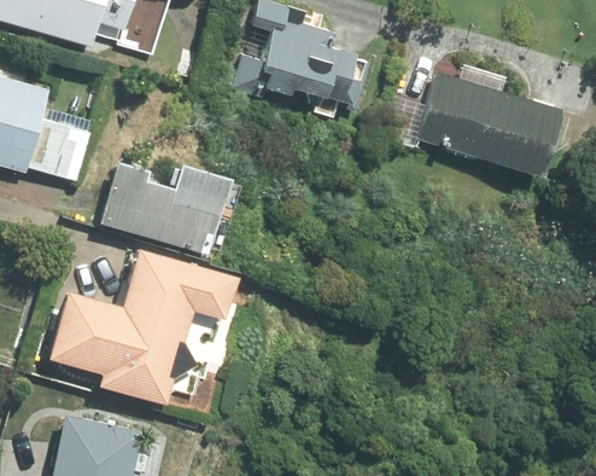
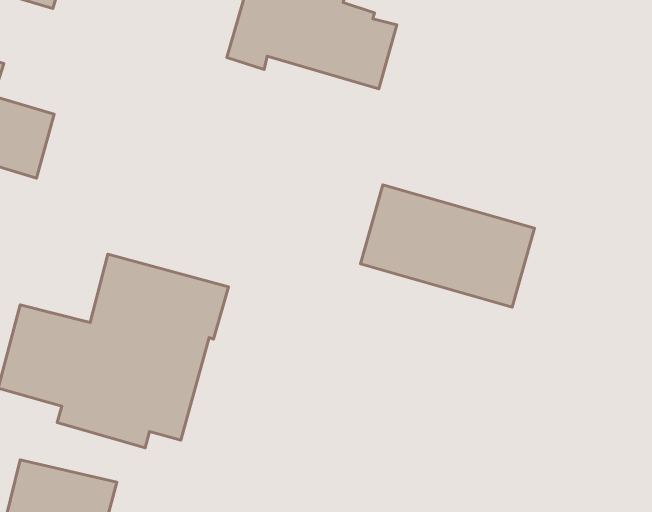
building: [416,71,557,170] -> [360,185,535,307]
building: [98,158,236,254] -> none

